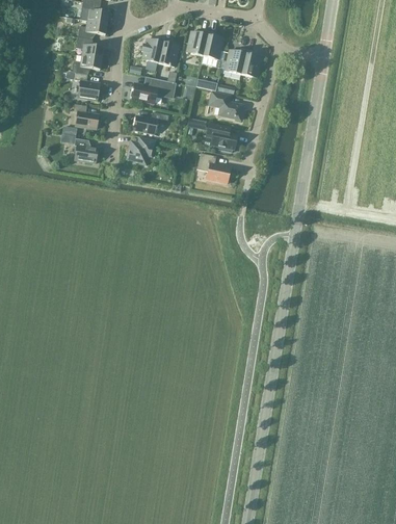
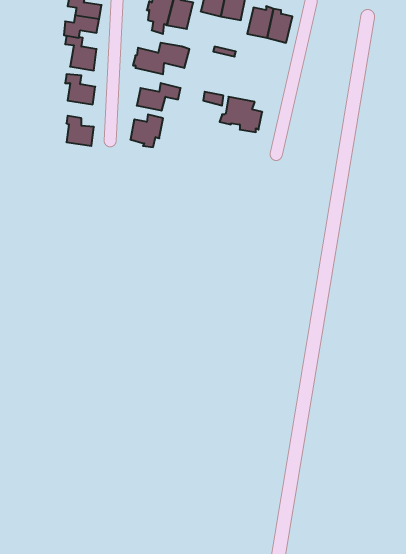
building: [209,91,244,120] -> none
building: [197,153,231,183] -> none

